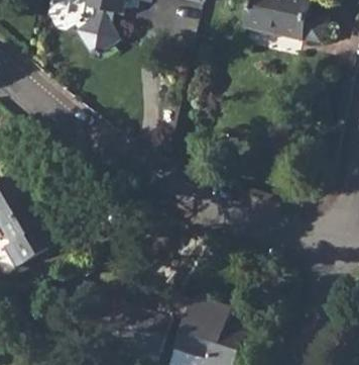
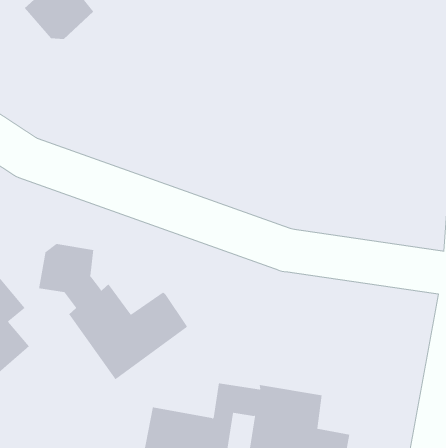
building: none -> [38,243,188,380]

